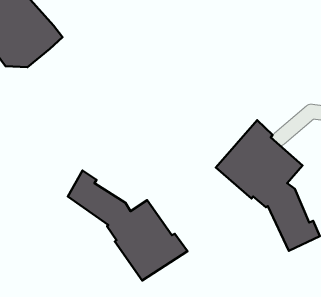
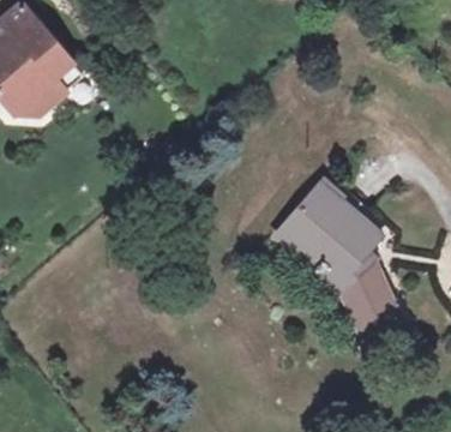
building: [68,171,188,281] -> none

